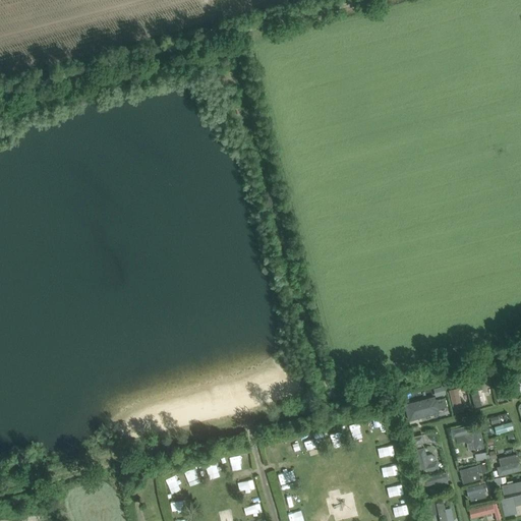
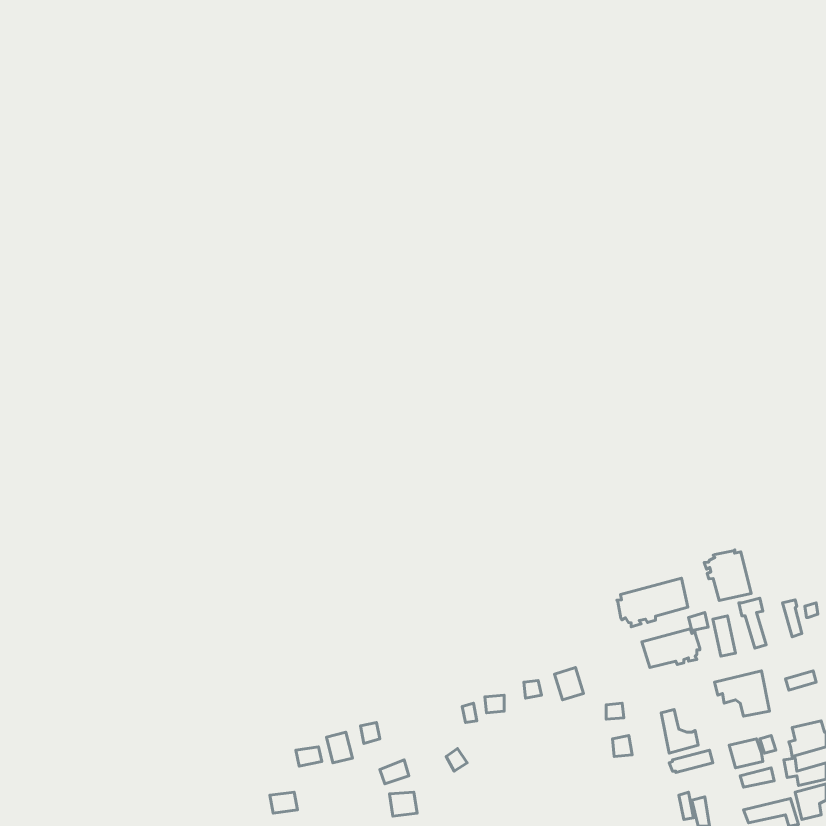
building: none -> [704,550,751,600]
building: none -> [617,578,688,627]

